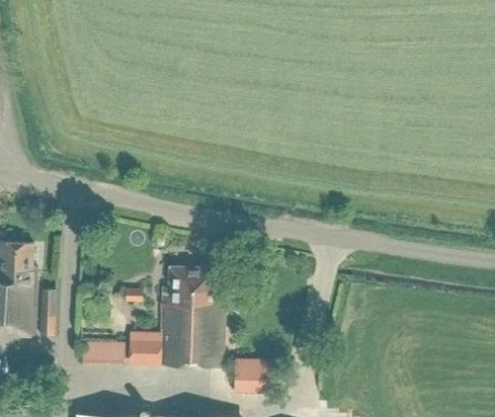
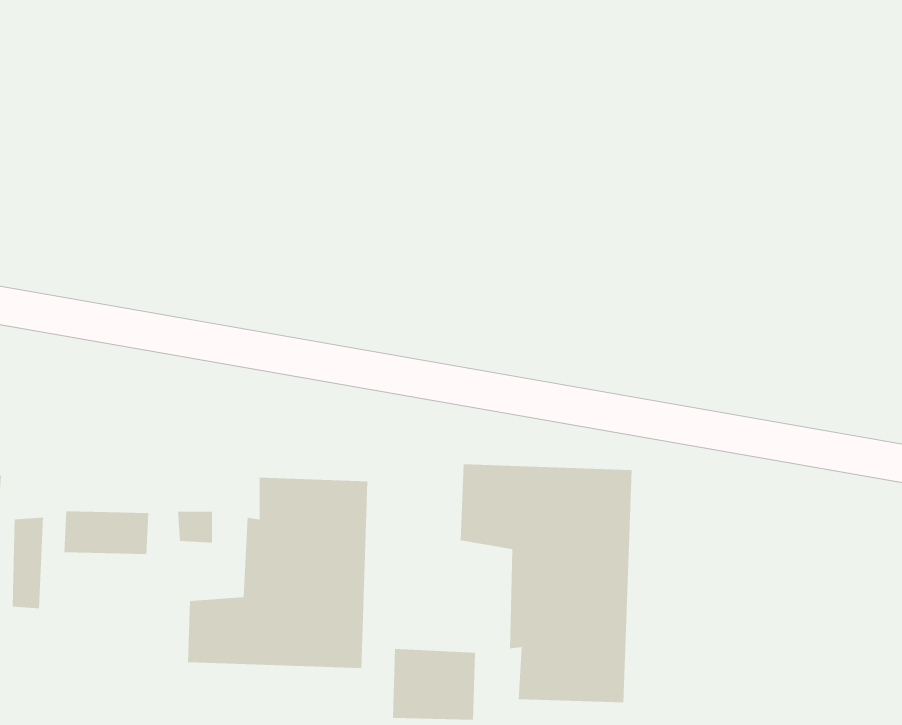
building: none -> [460,464,632,703]
building: [81,341,125,363] -> [63,511,149,555]

